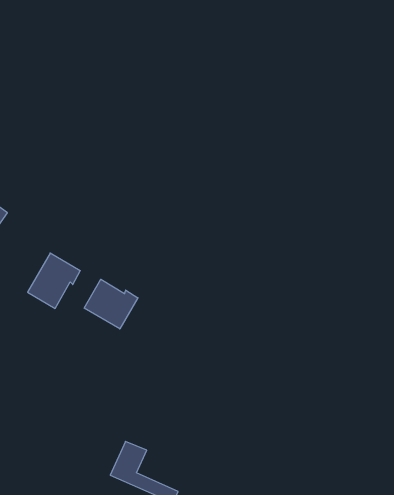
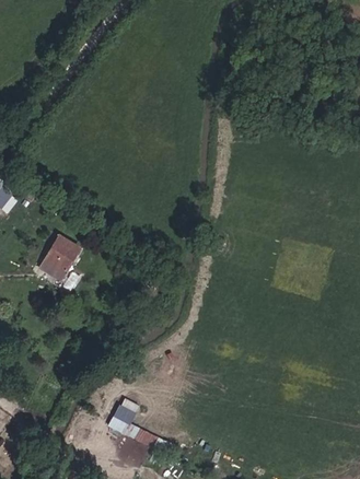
building: [84,279,138,329] -> none

